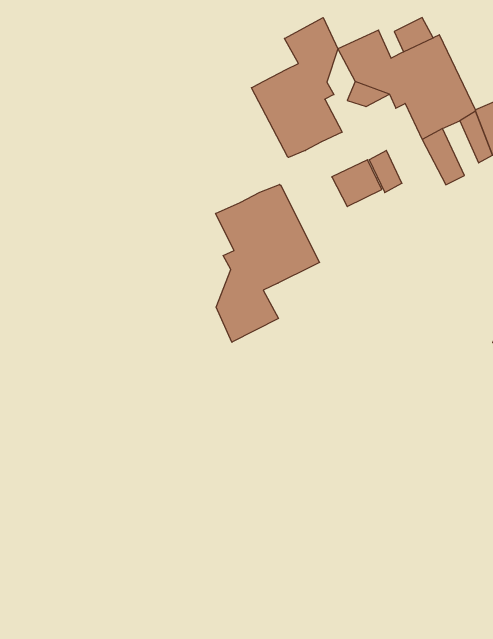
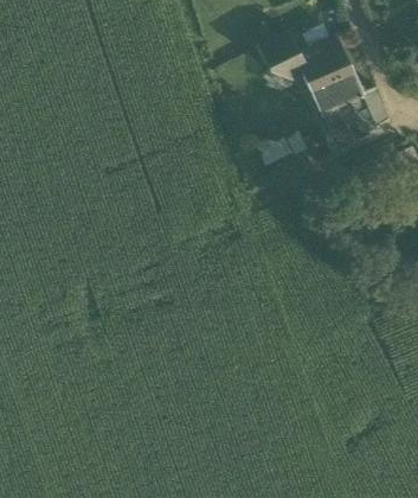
building: [251,18,342,157] -> none
building: [216,184,320,342] -> none

